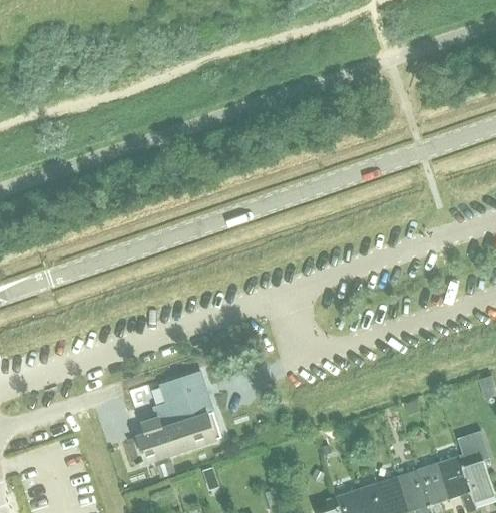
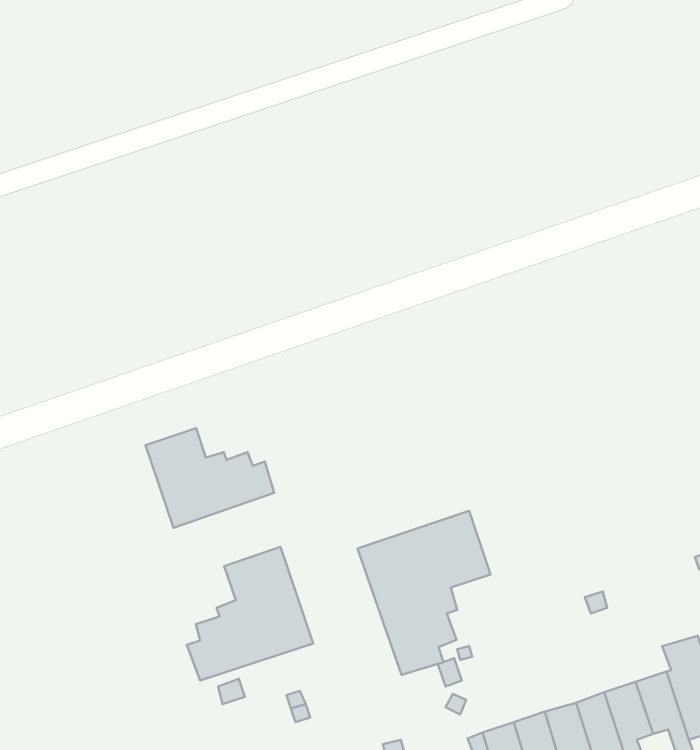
building: none -> [145,428,274,528]
building: none -> [357,511,491,675]

